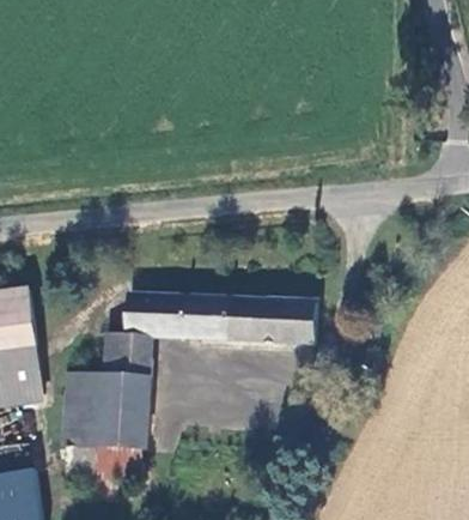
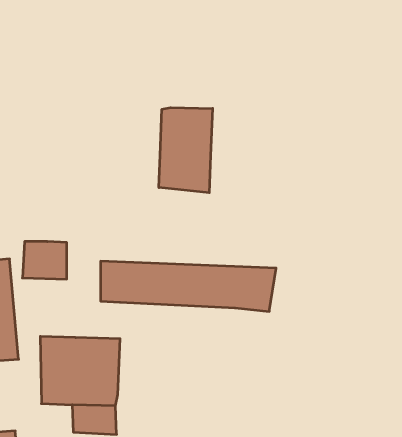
building: none -> [159,108,213,193]
building: [99,334,146,374] -> [22,242,67,279]

